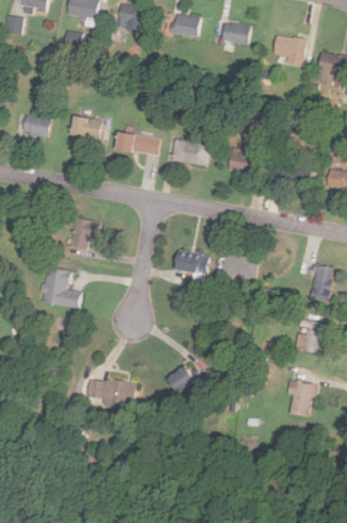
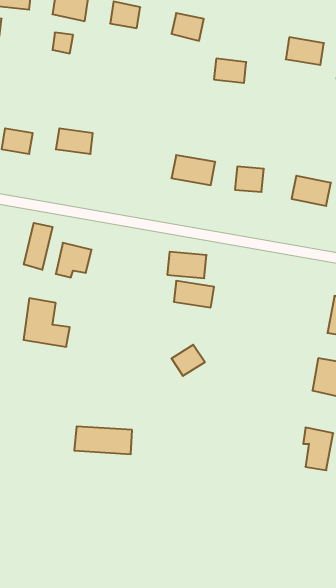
building: [221,22,250,44] -> [214,59,246,83]
building: [114,131,159,155] -> none
building: none -> [24,223,53,270]
building: [222,253,257,277] -> [167,252,207,278]
building: [165,365,195,392] -> [171,345,205,376]

